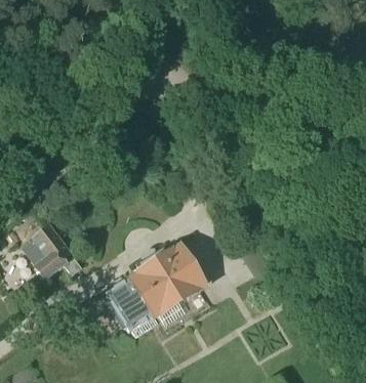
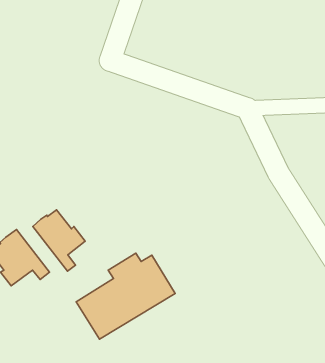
building: none -> [33,210,85,271]

